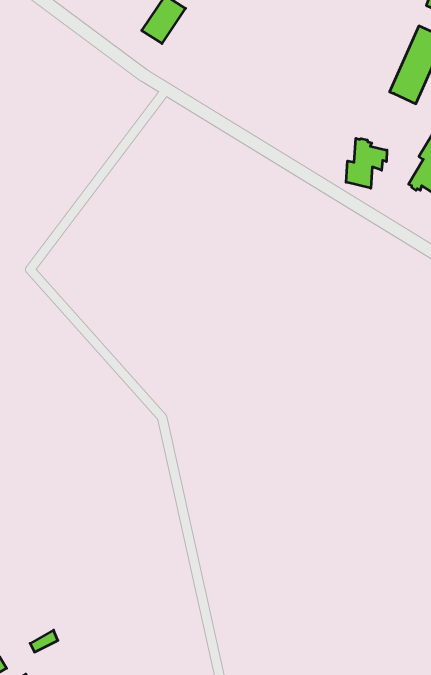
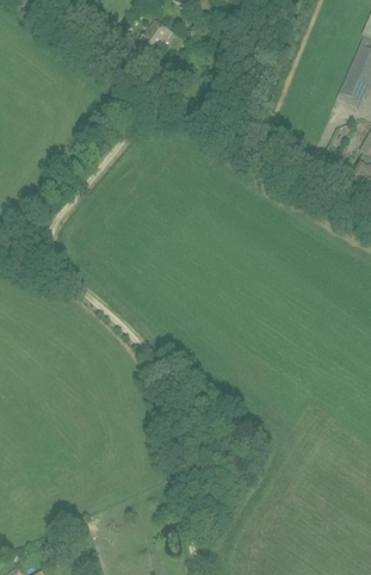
building: [346,138,387,188] -> none

